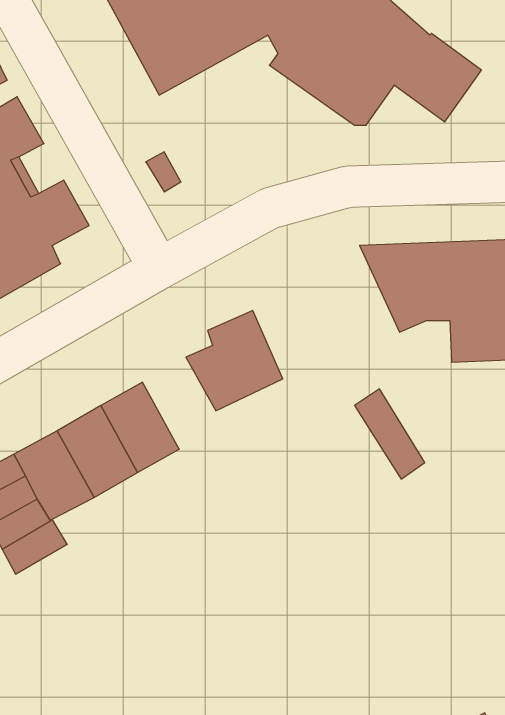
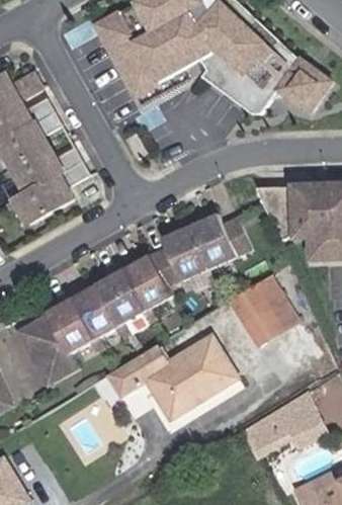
building: none -> [188,217,249,269]
building: none -> [121,256,170,312]
building: none -> [228,285,278,344]
building: none -> [106,336,234,418]
building: none -> [237,392,324,460]

